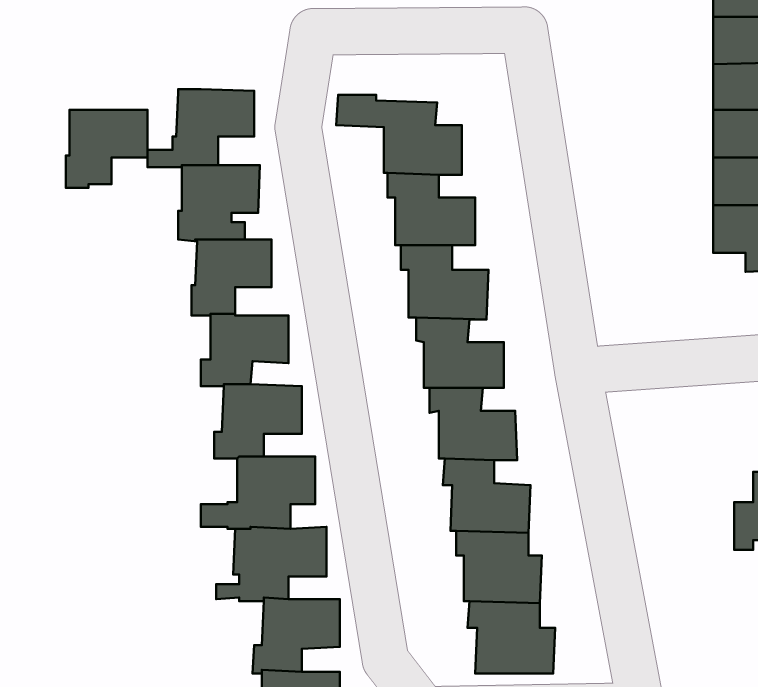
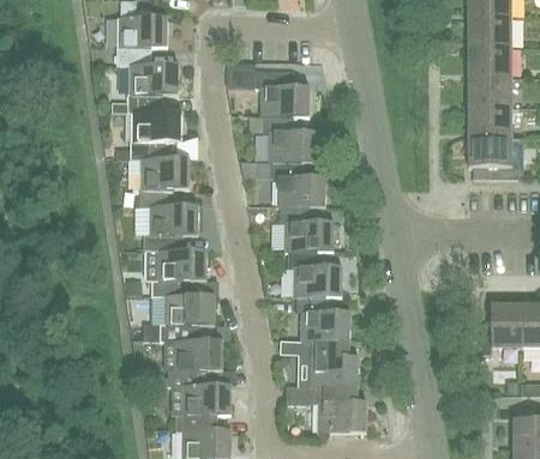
building: [66,110,148,188] -> [115,16,167,65]

